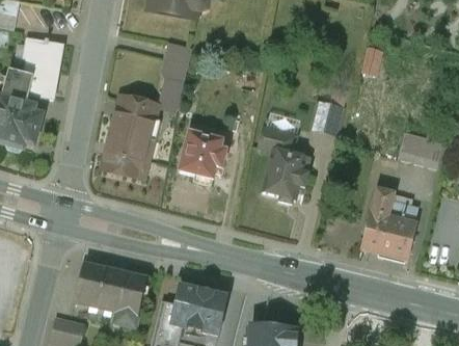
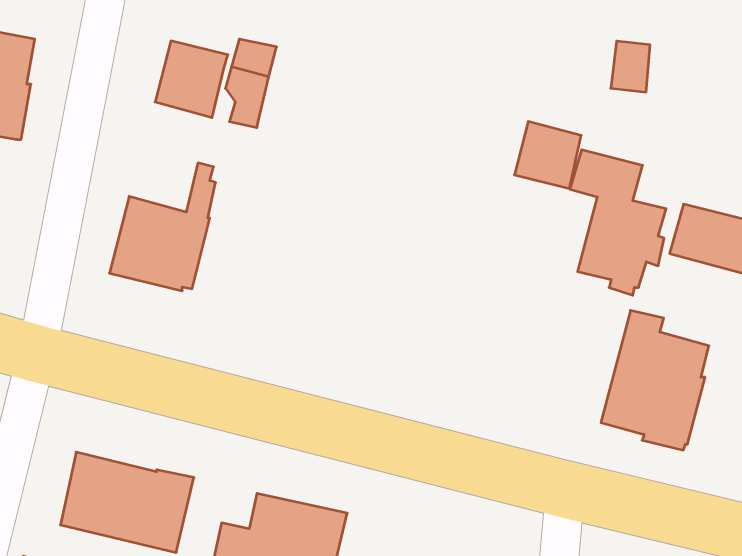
building: [111,96,150,136] -> [155,41,228,118]
building: [258,127,308,204] -> [570,150,666,295]
building: [179,131,225,185] -> none

